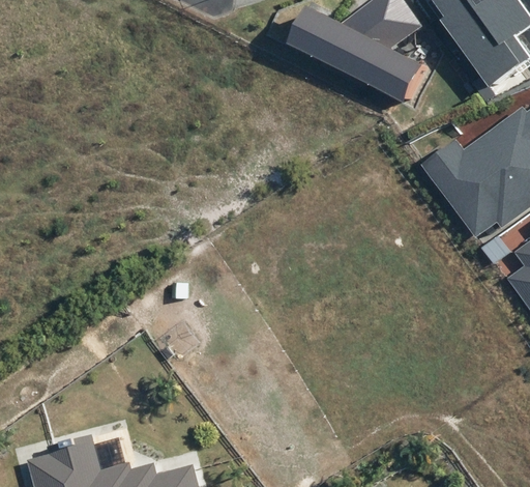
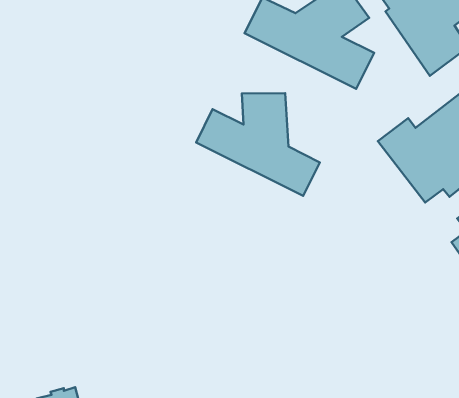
building: none -> [196,93,320,196]

